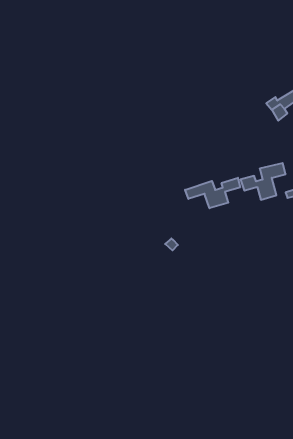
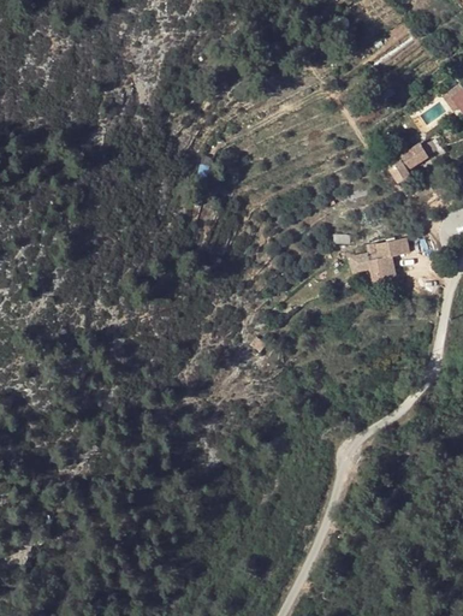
building: [185,178,240,208] -> none

